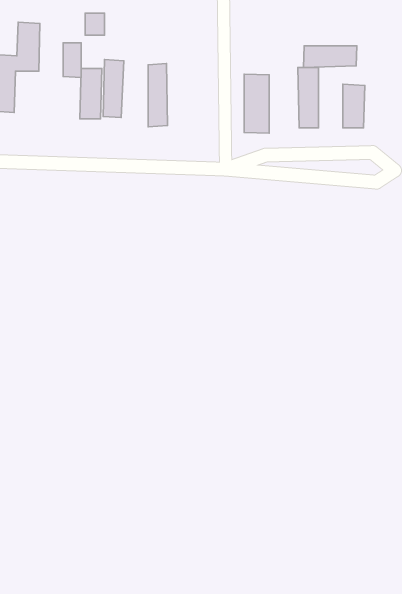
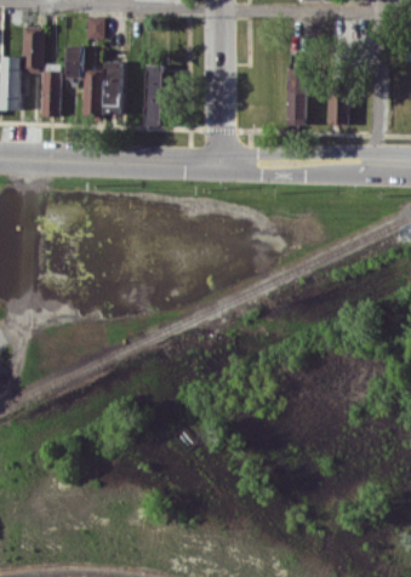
building: [303,46,357,67] -> none
building: none -> [41,72,61,118]
building: [244,74,269,133] -> none

